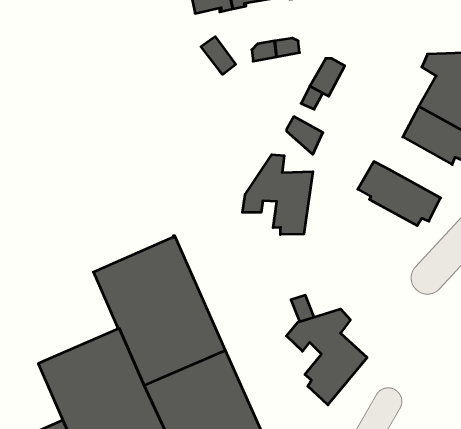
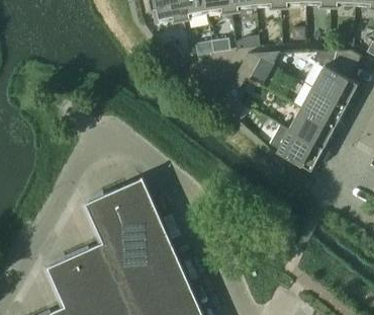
building: none -> [289,108,337,151]
building: [242,155,313,235] -> none
building: [286,309,367,405] -> none

